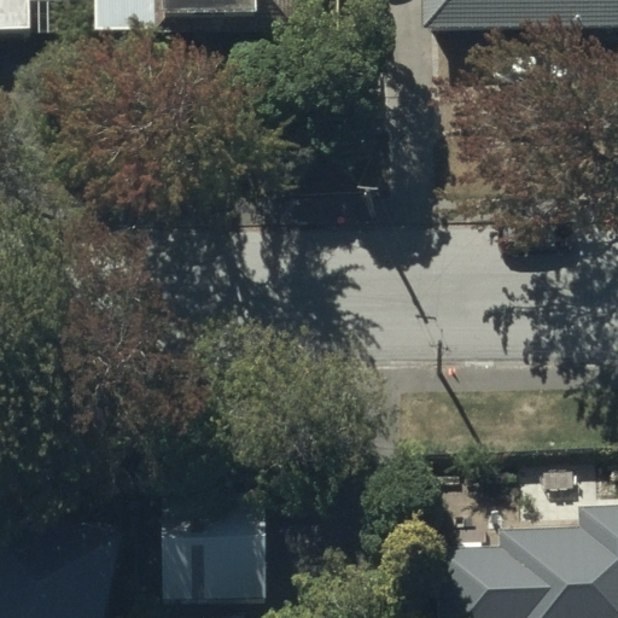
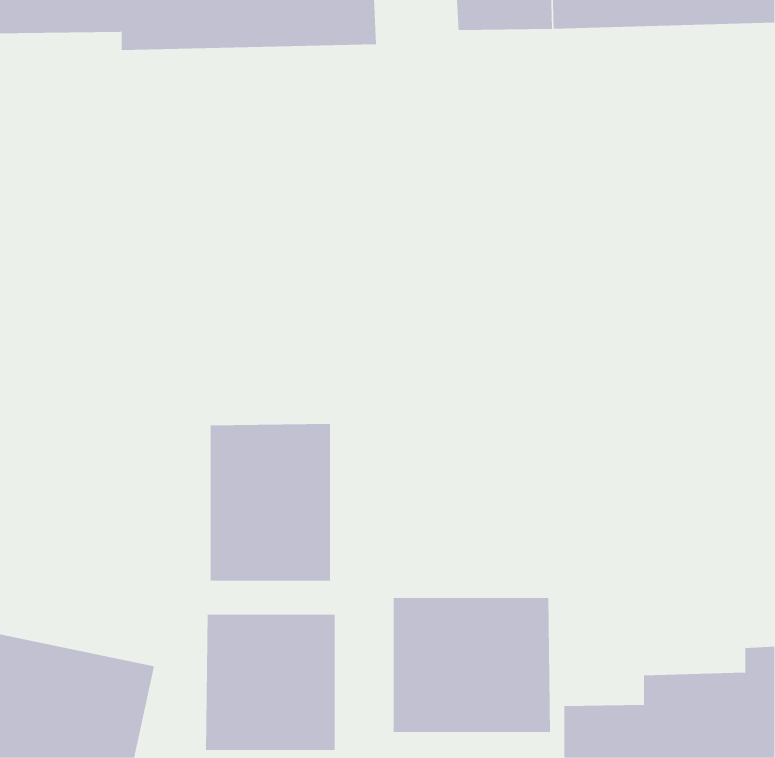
building: none -> [210,423,330,582]
building: none -> [393,597,551,733]

